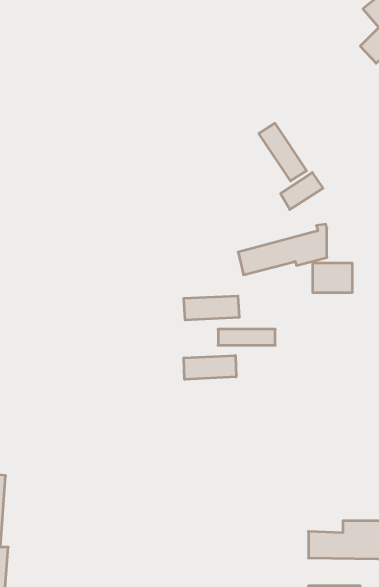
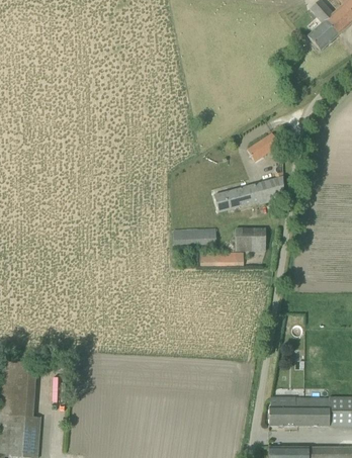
building: [259,123,306,181] -> none
building: [313,263,352,292] -> [236,227,266,250]
building: [184,355,236,379] -> none

